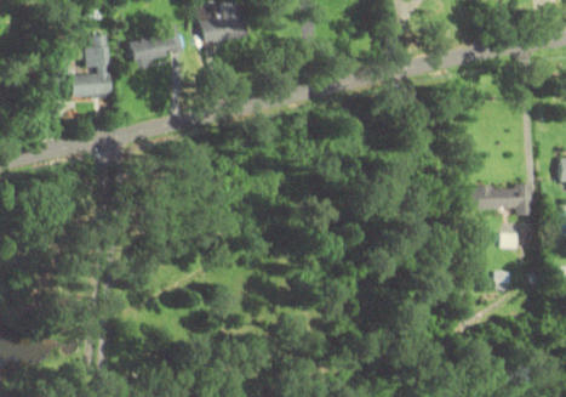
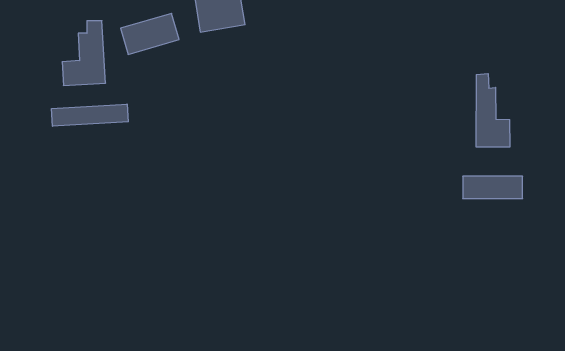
building: none -> [476,74,510,147]
building: none -> [52,104,128,126]

